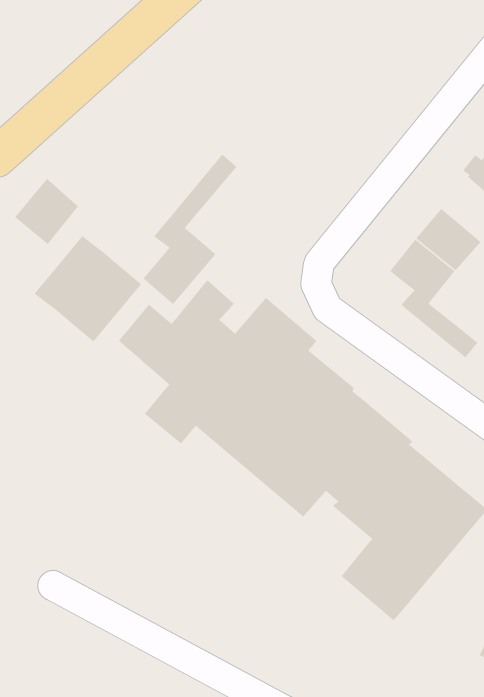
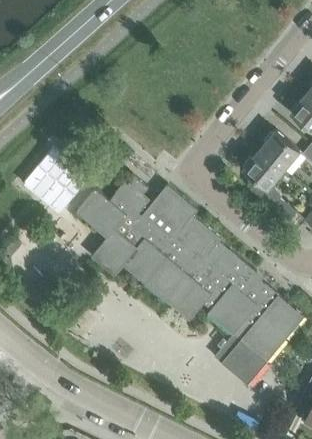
building: [142,154,238,305] -> none
building: [14,178,79,245] -> none

